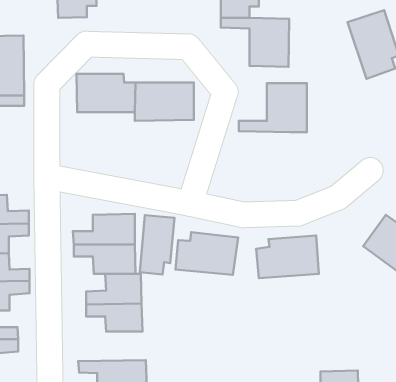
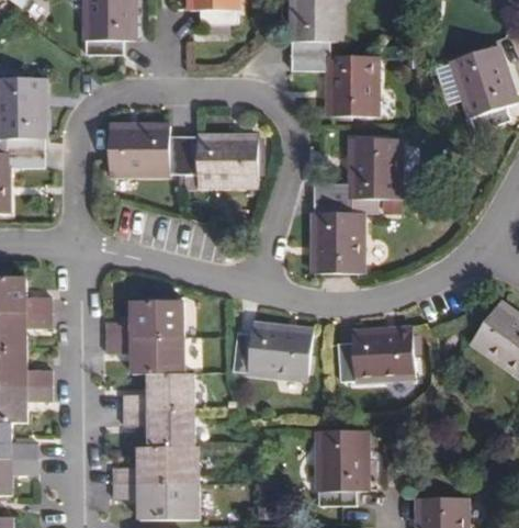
building: none -> [315,196,380,272]
building: [140,215,174,275] -> none
building: none -> [318,430,368,506]
building: none -> [112,449,198,486]

